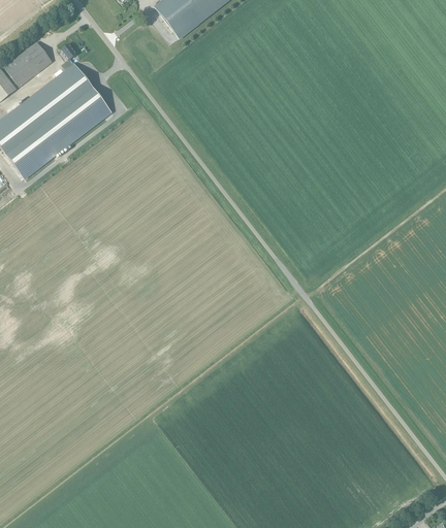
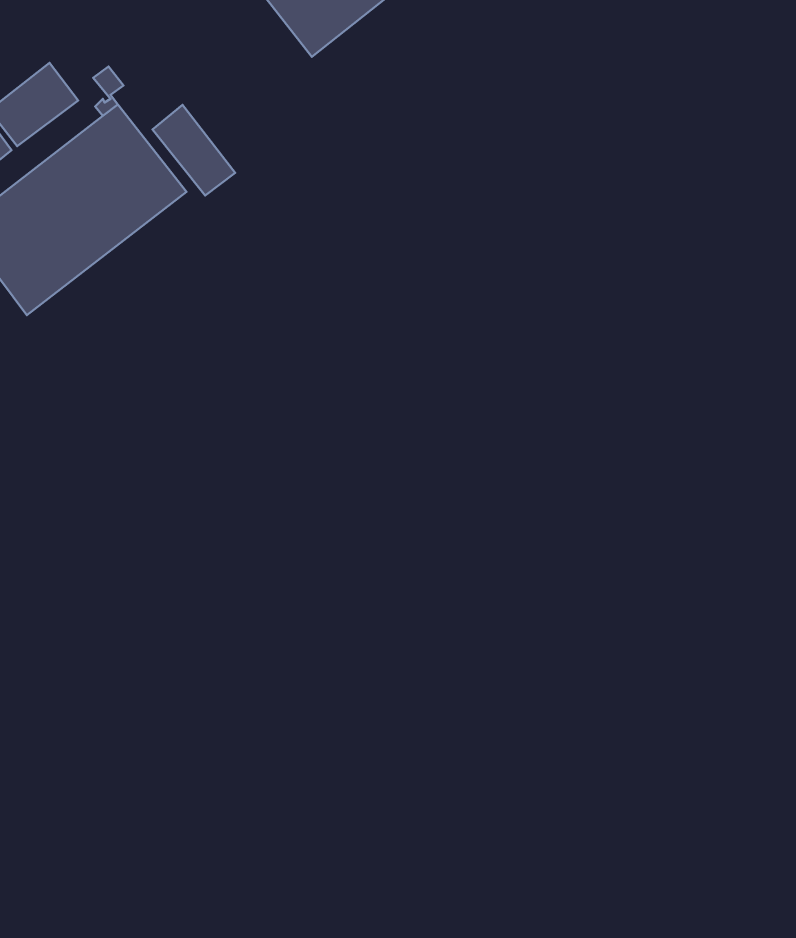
building: none -> [152,105,235,196]

